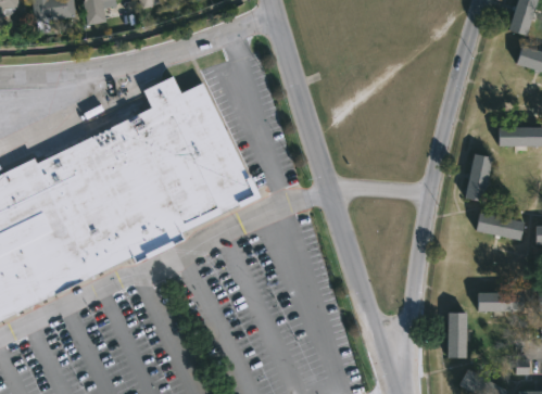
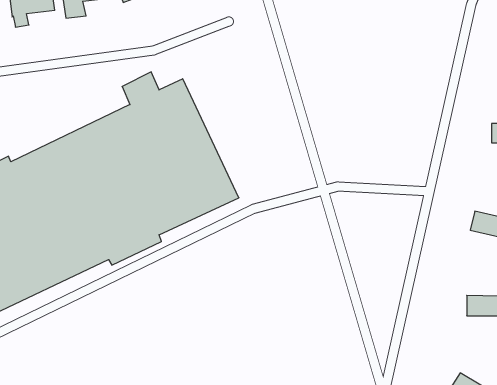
building: [462,154,490,204] -> none
building: [445,315,468,360] -> none

